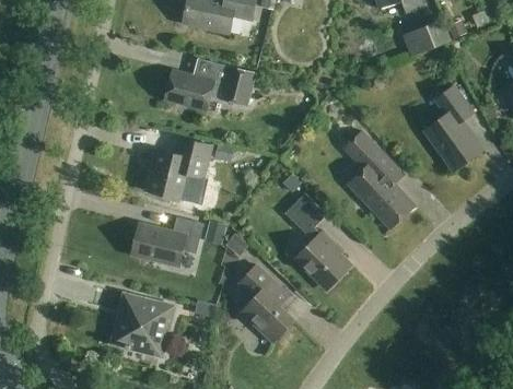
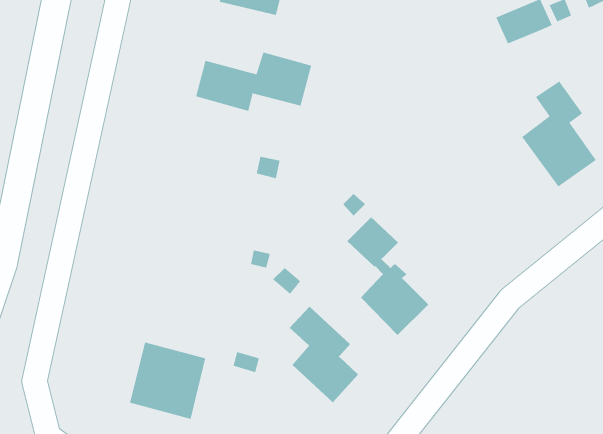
building: [343,130,415,228] -> none
building: [147,138,211,199] -> none
building: [130,216,202,266] -> none

